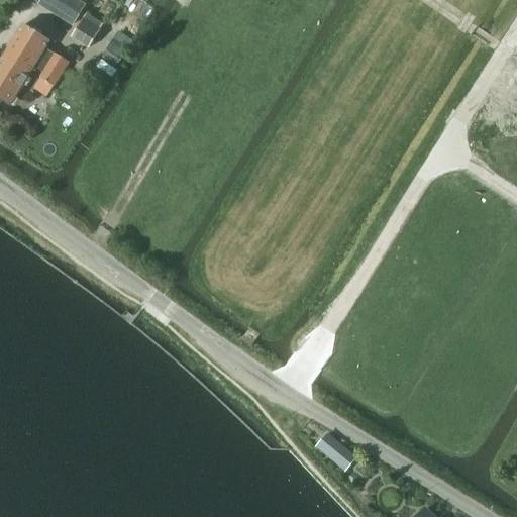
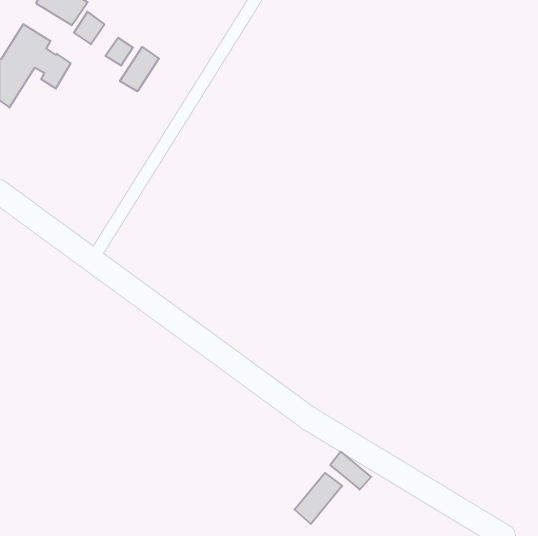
building: none -> [120,47,159,91]
building: none -> [294,473,342,524]

